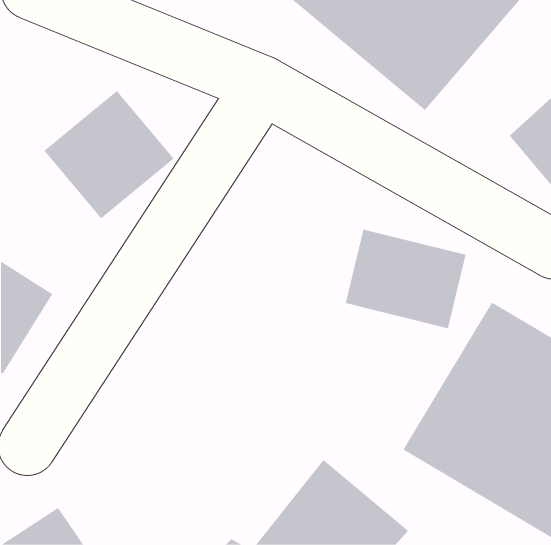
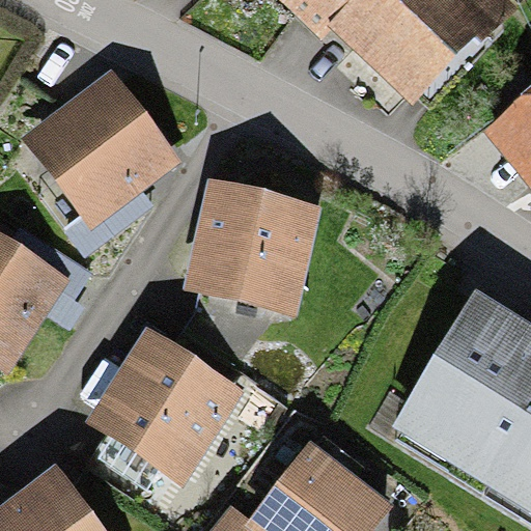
building: none -> [200,190,309,300]
building: [345,229,466,329] -> none
building: none -> [110,343,226,462]

